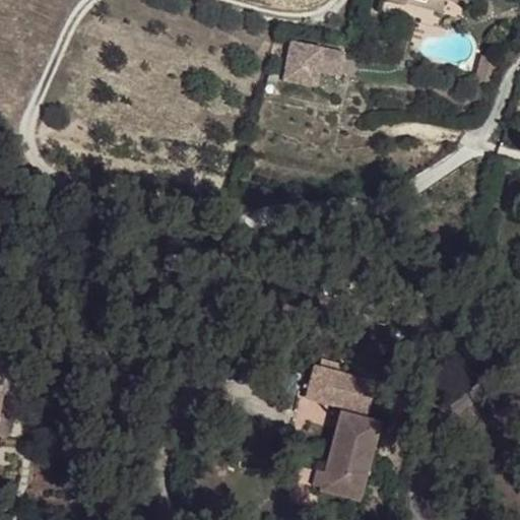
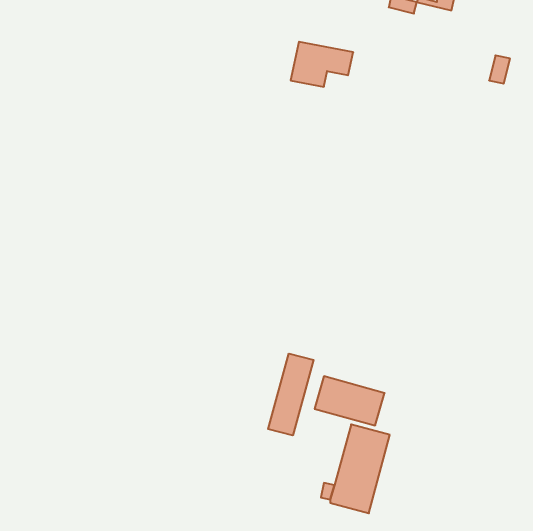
building: none -> [268,354,314,435]

